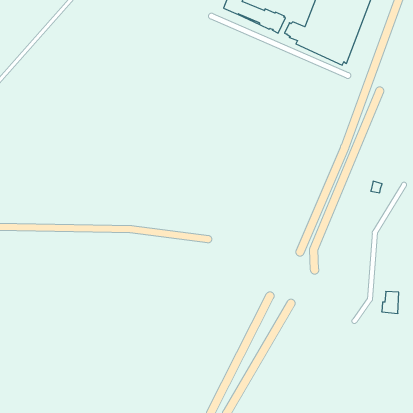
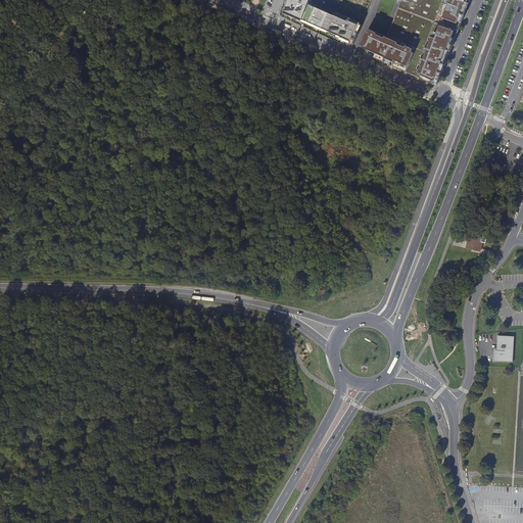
building: [382,292,399,313] -> [489,331,511,359]

